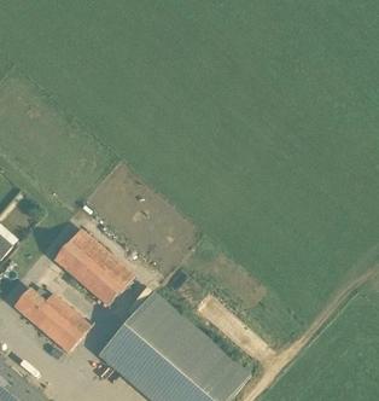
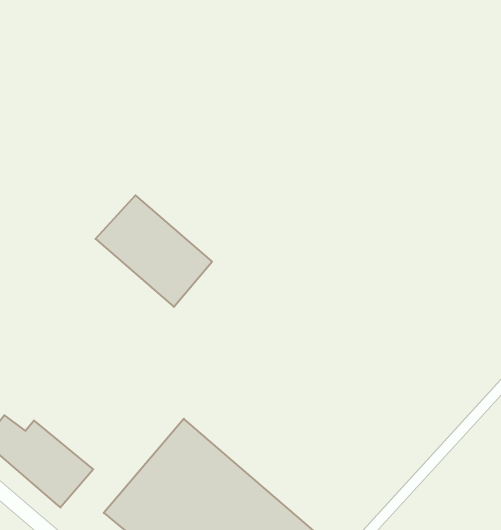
building: [53,229,134,307] -> [95,195,212,307]

